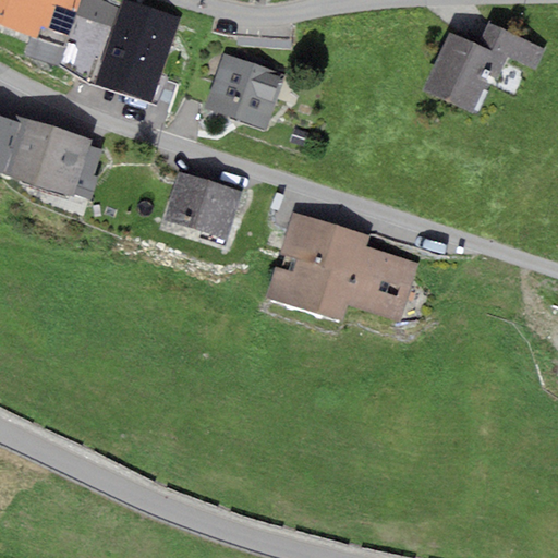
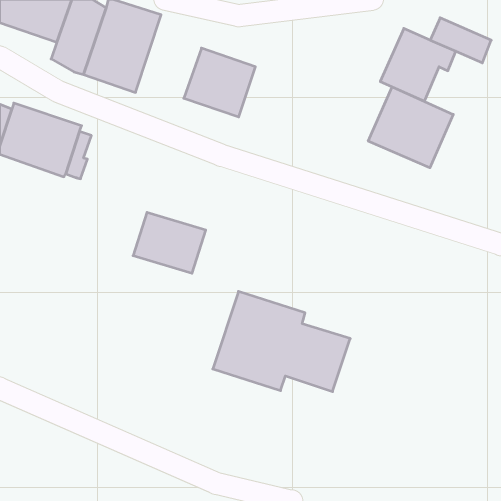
building: none -> [368,87,453,168]
building: [161,171,242,239] -> [133,212,206,273]
building: [265,210,417,322] -> [213,291,350,392]

